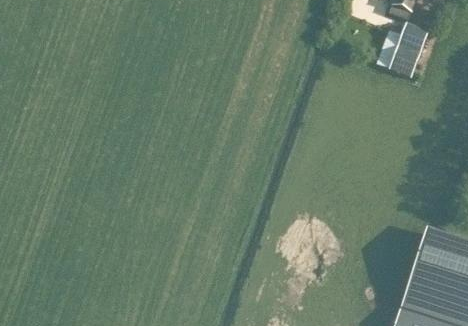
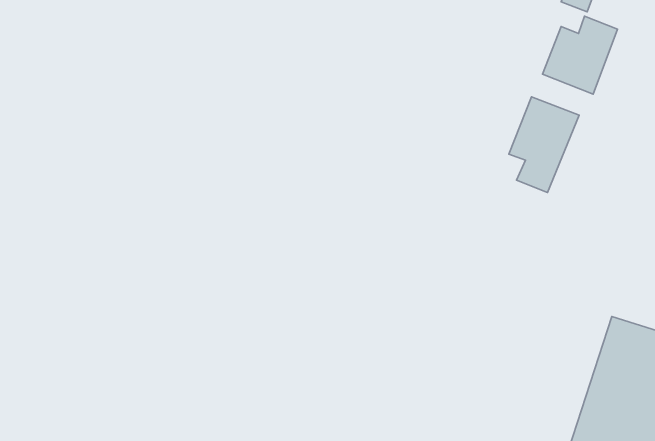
building: none -> [509,97,579,193]

